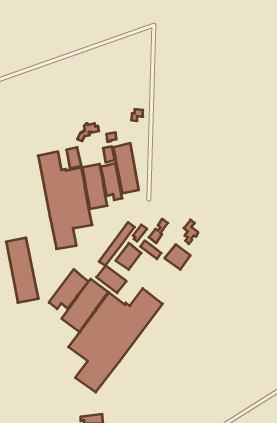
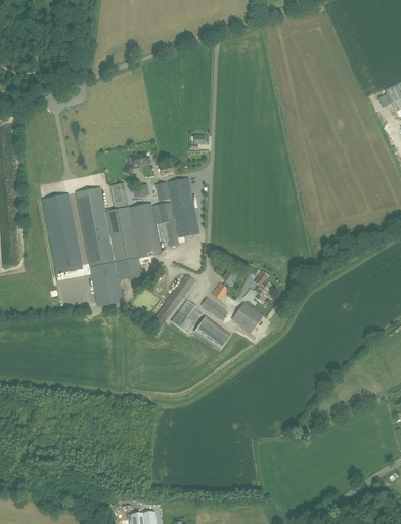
building: [6,238,39,303] -> [43,193,83,273]
building: [96,265,126,293] -> [194,316,231,350]
building: [49,269,163,392] -> none

